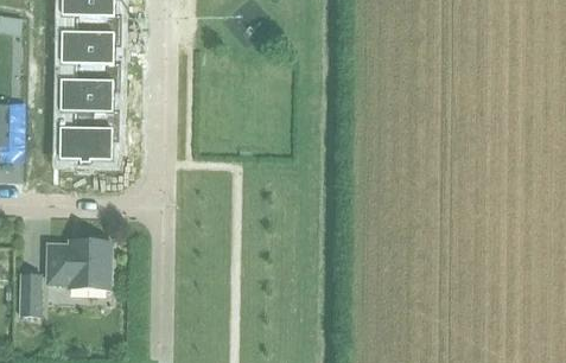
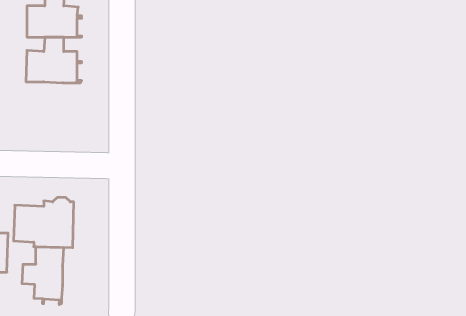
building: [59,112,117,164] -> none
building: none -> [22,247,63,305]

